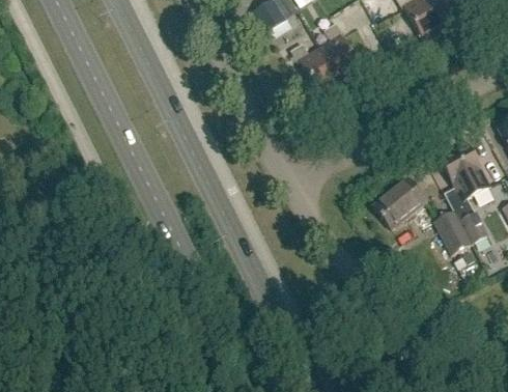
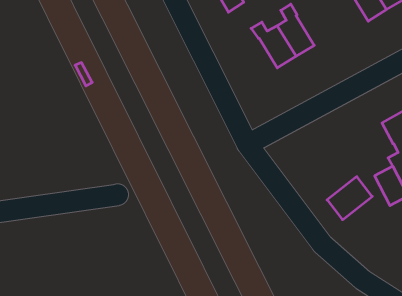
building: [374,177,426,227] -> [327,177,372,220]

